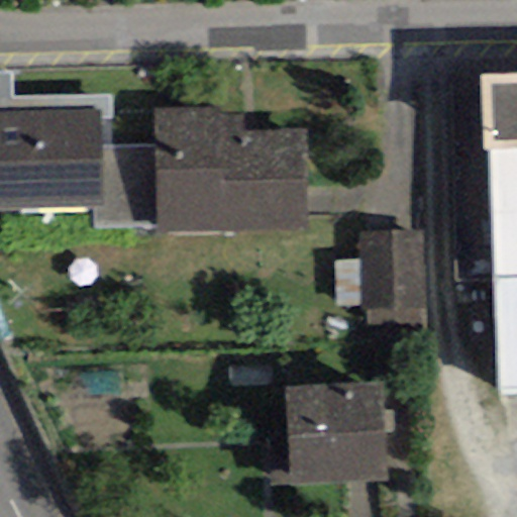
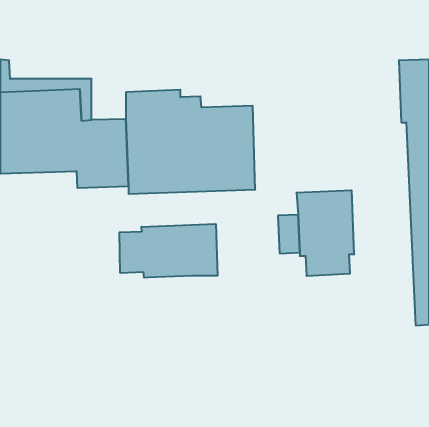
building: none -> [119,224,217,278]
building: [284,379,387,485] -> none

